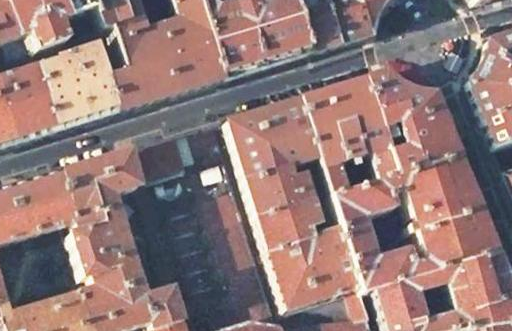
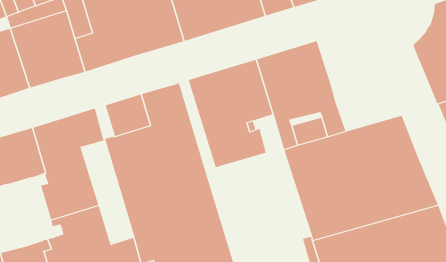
building: [366,69,457,172] -> none
building: [257,195,360,307] -> none

